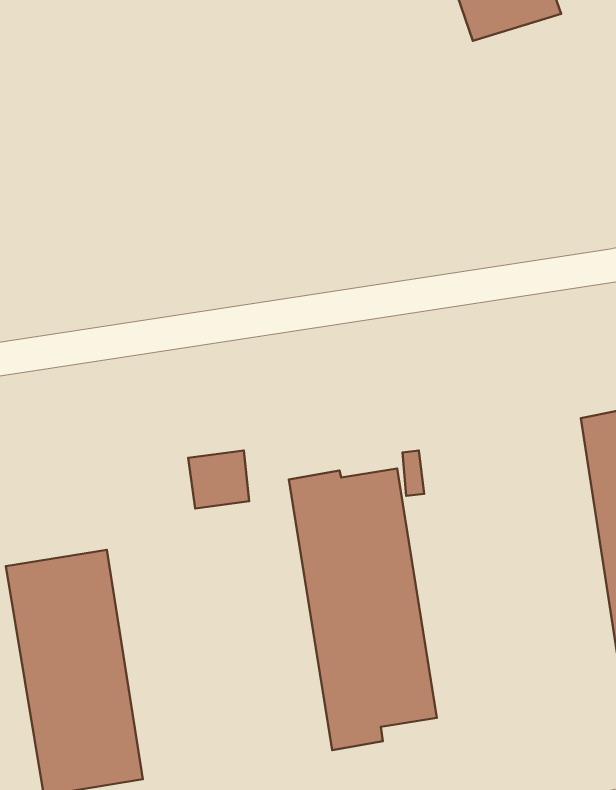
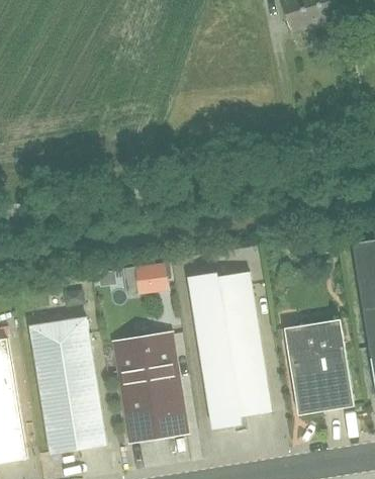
building: none -> [284,319,354,415]
building: none -> [114,333,186,442]

